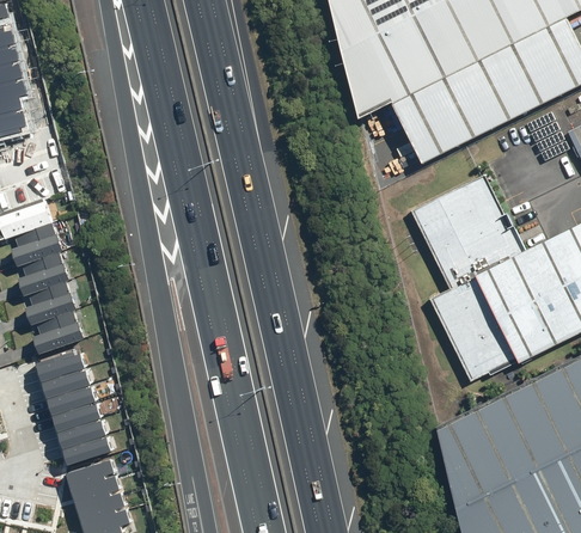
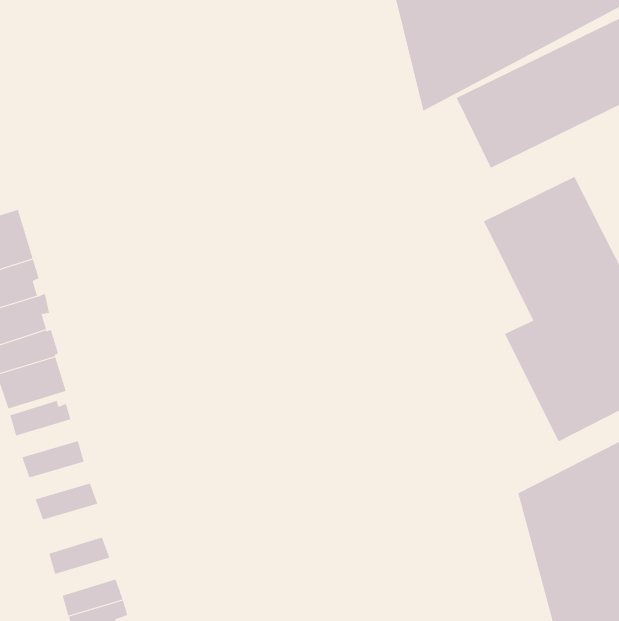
building: [42,366,92,396] -> none
building: [53,399,102,429] -> none
building: [63,433,112,462] -> none
building: [73,476,122,506] -> none

